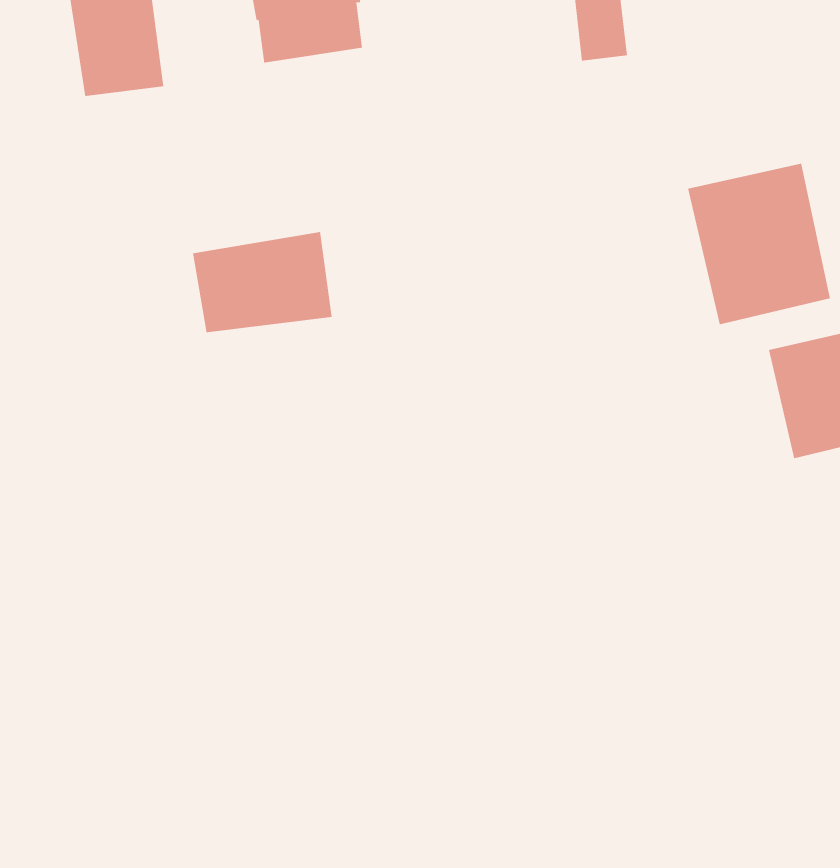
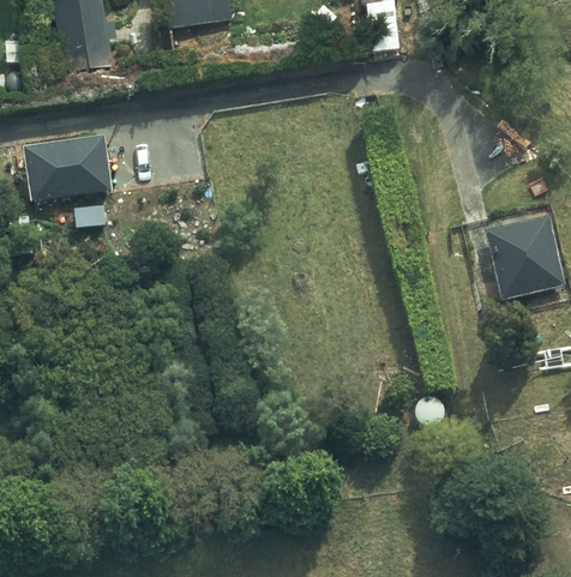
building: [688,163,830,325] -> none
building: [192,232,332,333] -> [25,133,112,196]

